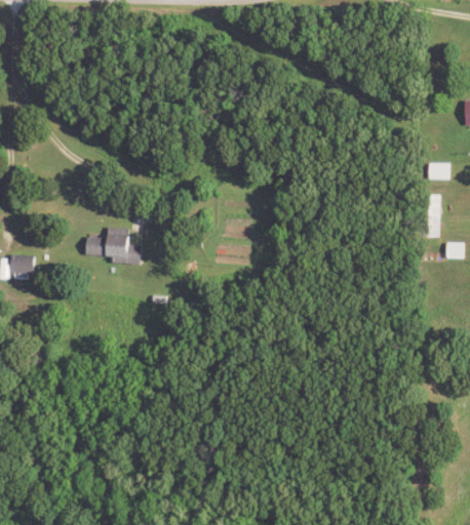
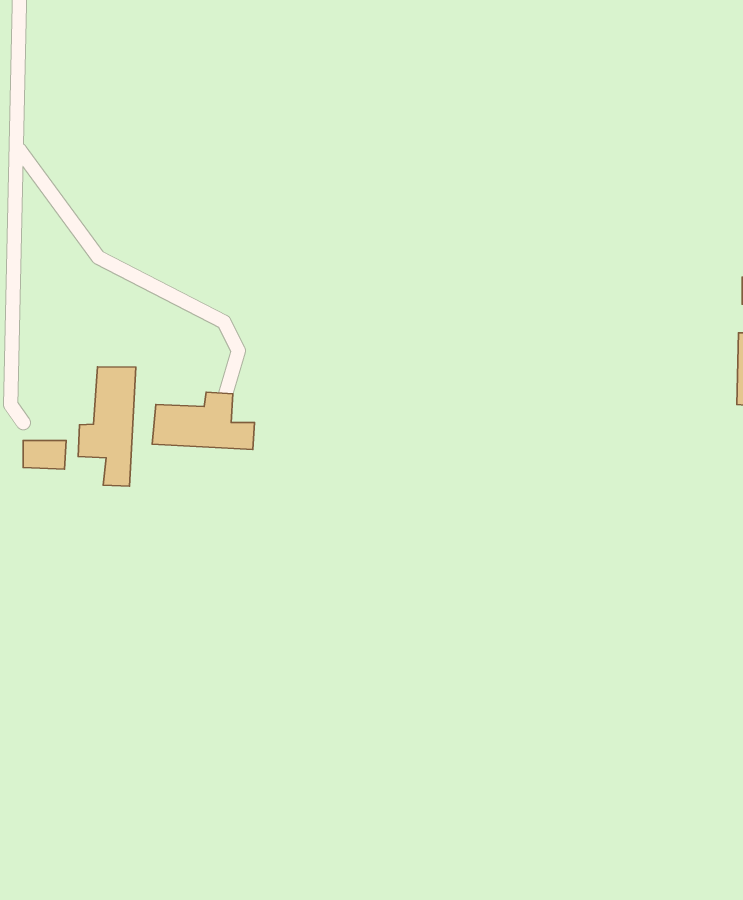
building: none -> [78,367,136,486]

